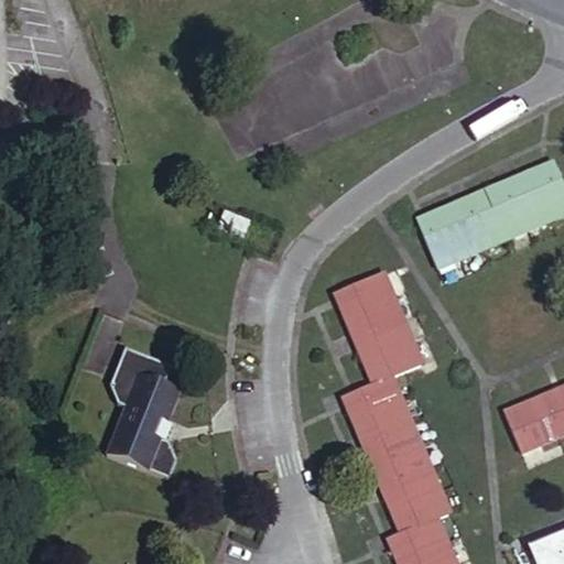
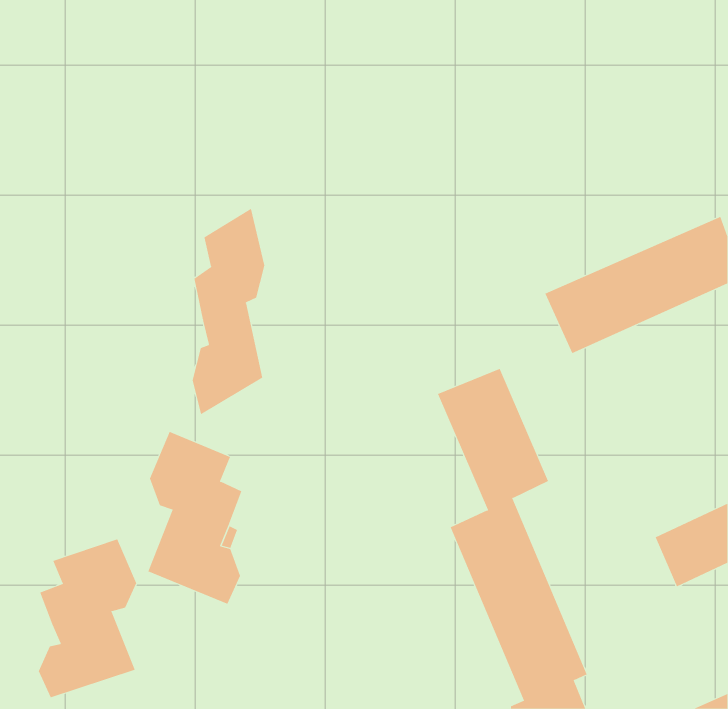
building: none -> [192,208,265,415]
building: none -> [38,538,137,698]

